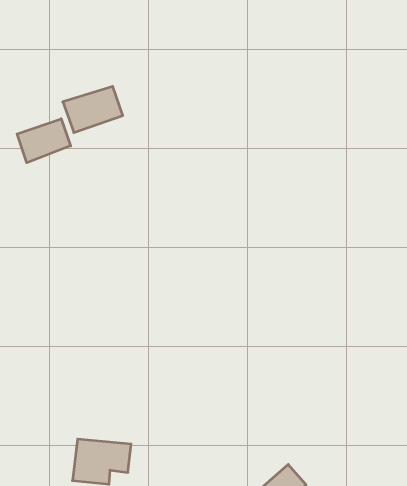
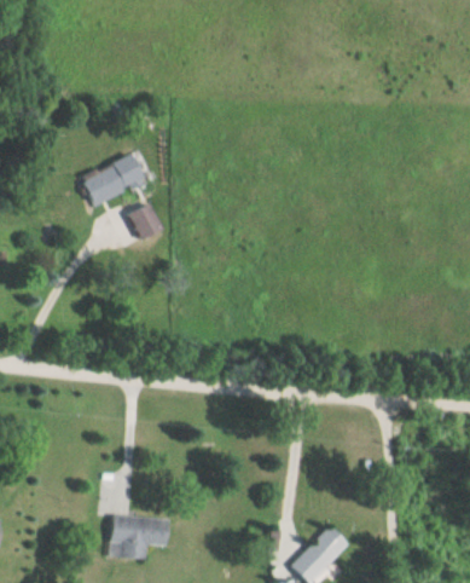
building: [17,119,71,163] -> none
building: none -> [126,201,161,238]

